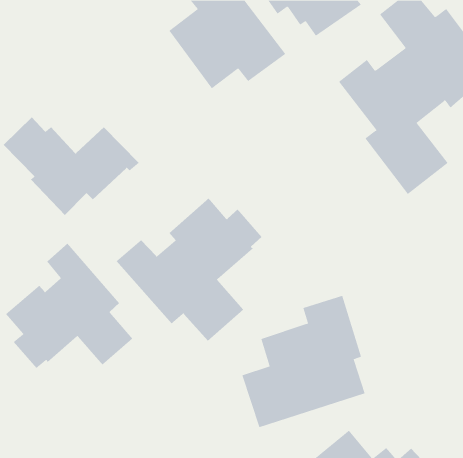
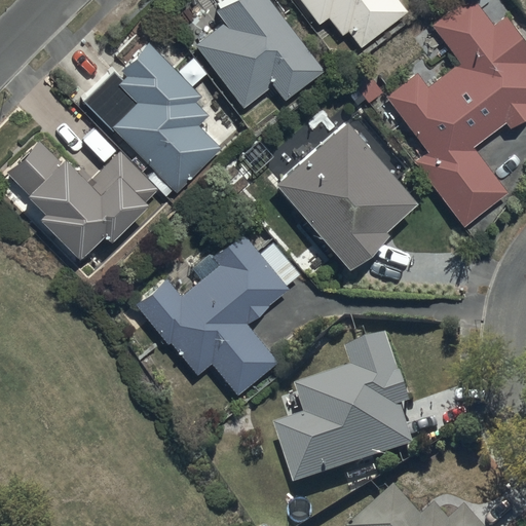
building: none -> [83,42,221,193]
building: none -> [275,119,416,263]
building: [5,243,133,369] -> none

